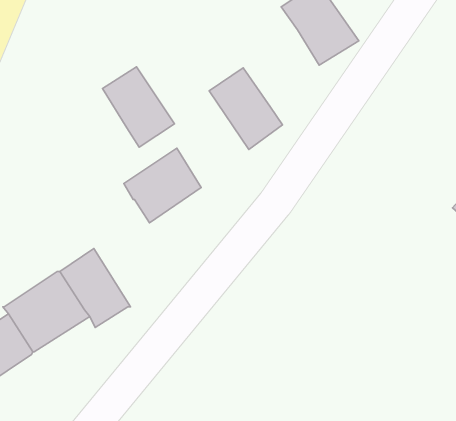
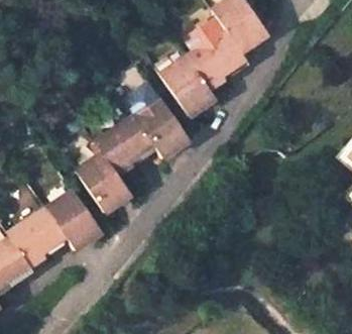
building: none -> [185,26,244,84]
building: [102,67,174,147] -> [135,98,189,157]
building: none -> [77,152,129,209]

